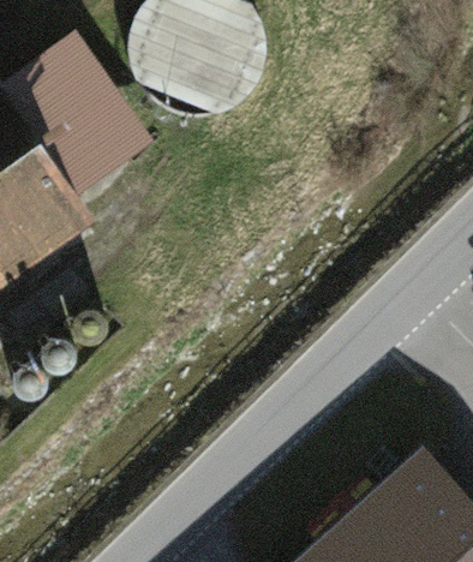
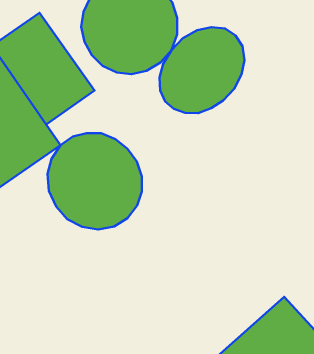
building: none -> [160,27,245,113]
building: none -> [47,133,142,230]

